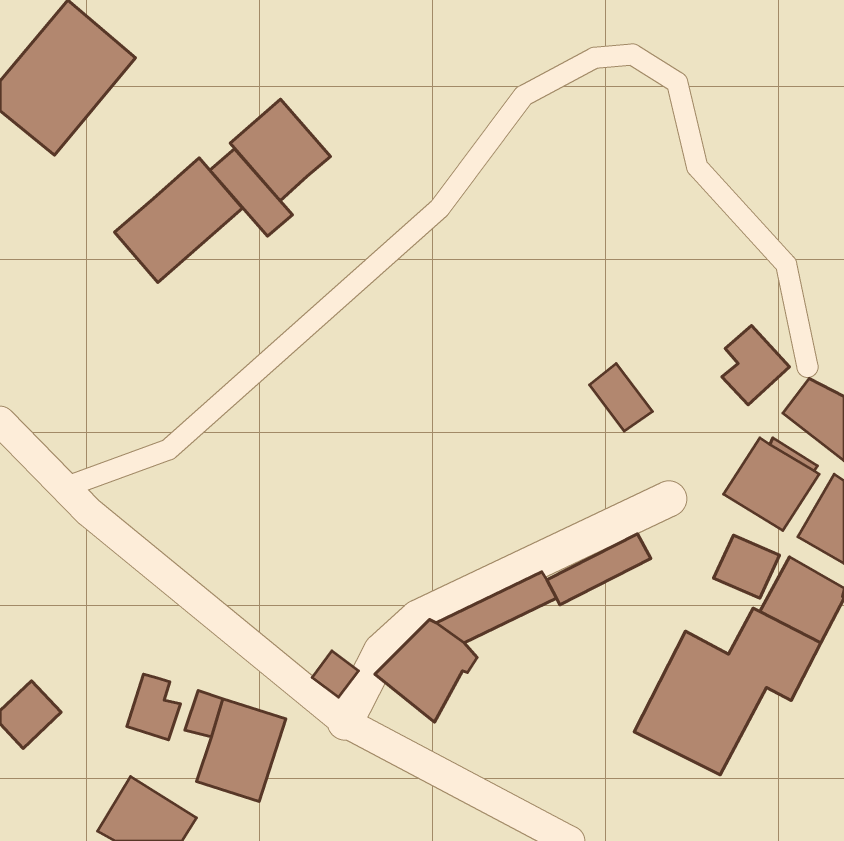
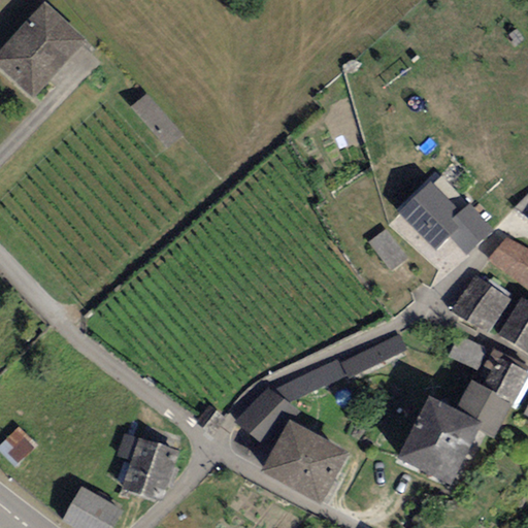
building: [230,99,331,201] -> none
building: [114,158,243,282] -> none
building: none -> [398,180,461,249]
building: none -> [261,419,349,502]
building: [127,674,180,740] -> none

